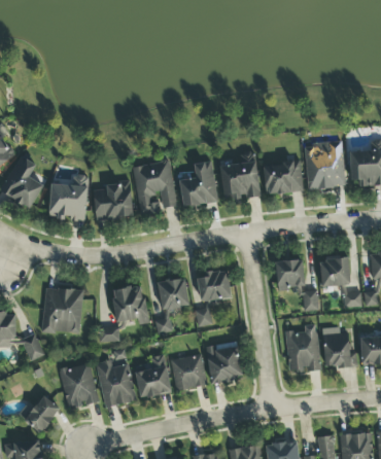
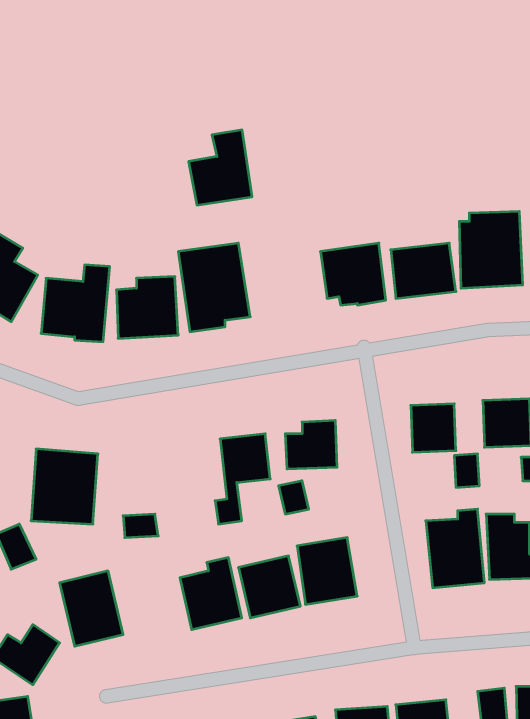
building: [179,161,218,207] -> [189,130,252,205]
building: [112,284,149,324] -> none
building: [97,360,136,405] -> none

